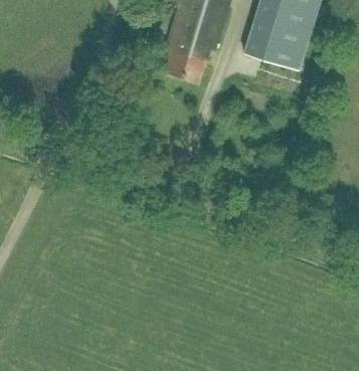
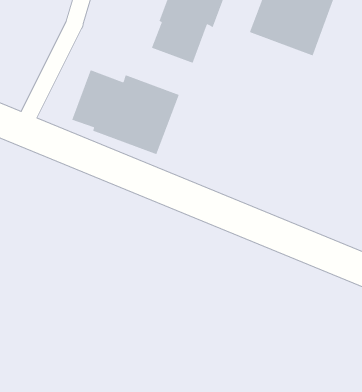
building: none -> [71,69,180,155]

